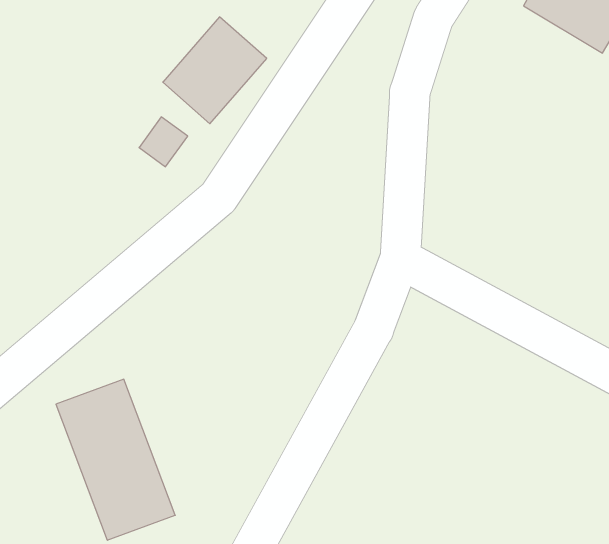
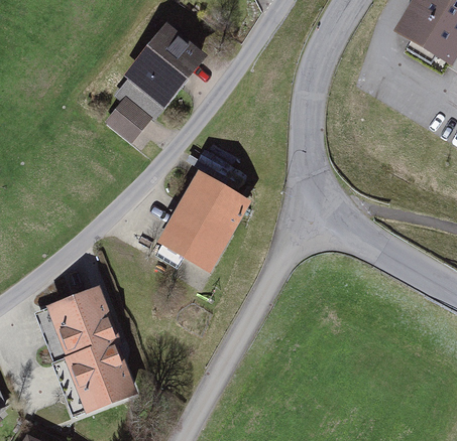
building: none -> [158,173,250,274]

